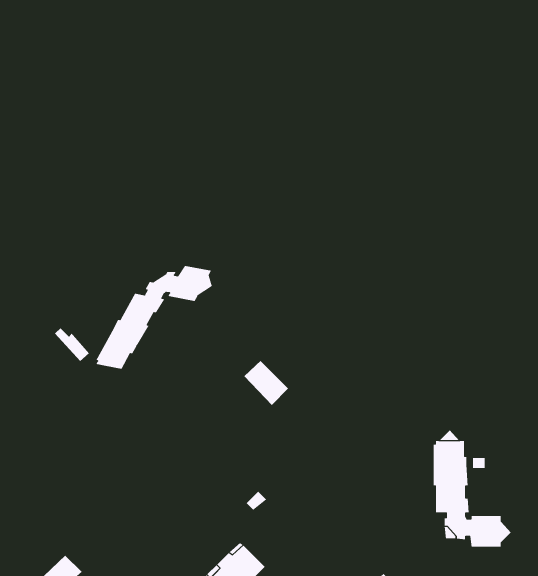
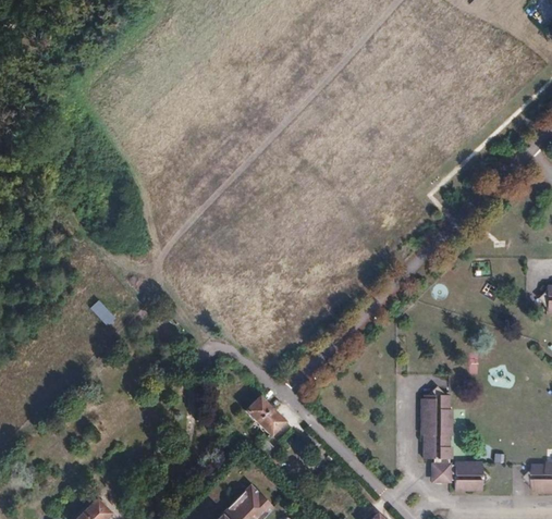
building: [95,265,213,370] -> none
building: [243,360,289,406] -> [246,396,286,436]

